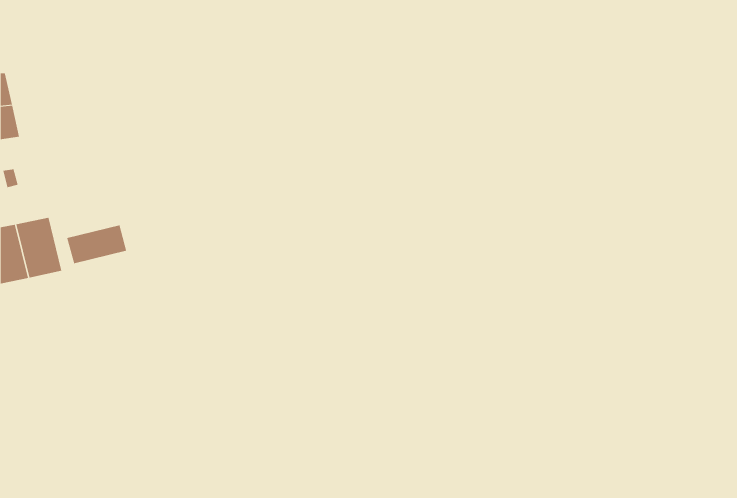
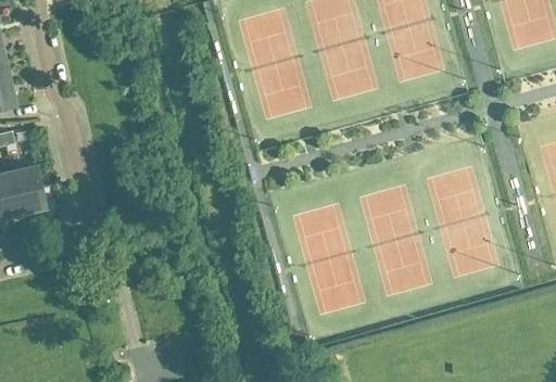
building: [66,225,127,264] -> none

